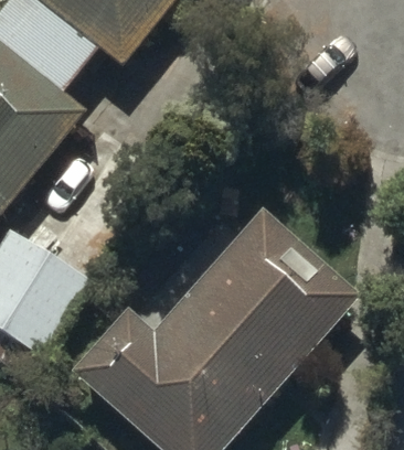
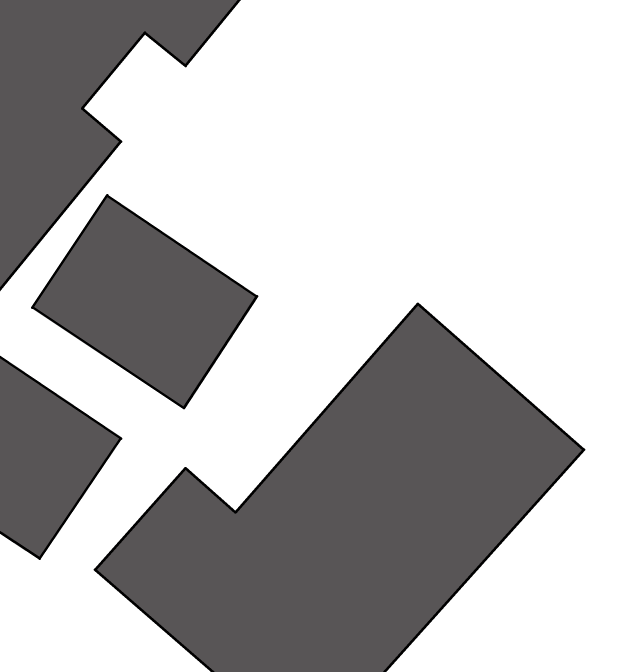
building: none -> [32,195,257,408]

